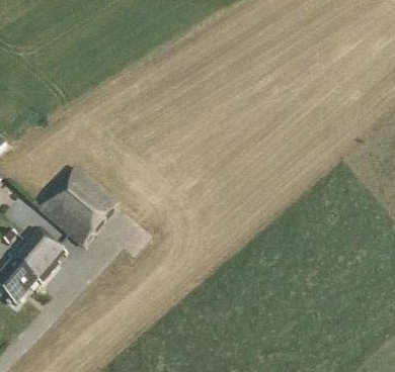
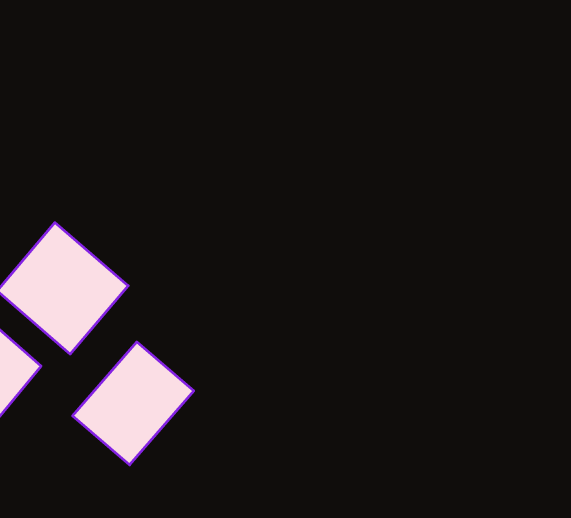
building: none -> [73,342,194,465]

